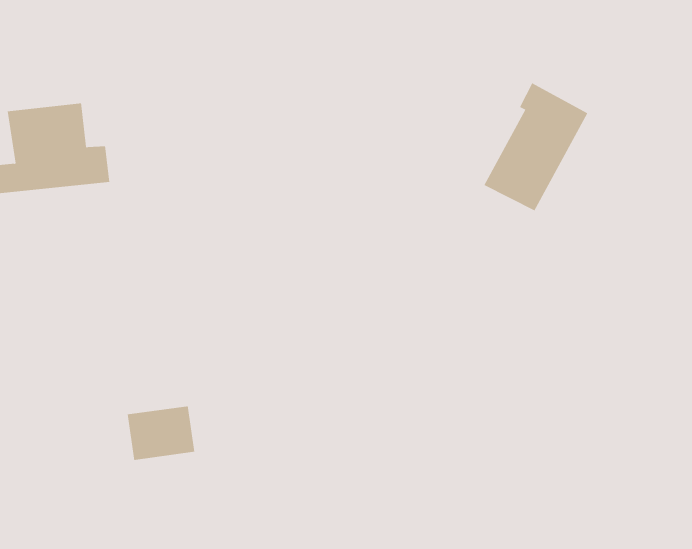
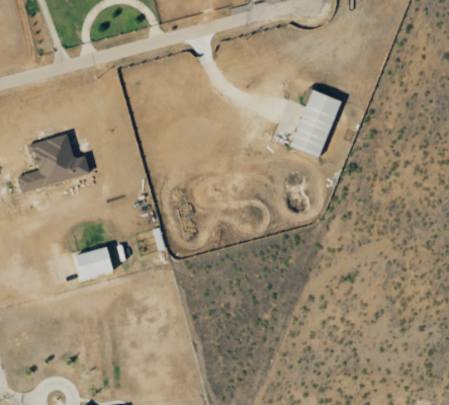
building: [127,406,195,460] -> [75,245,114,278]

